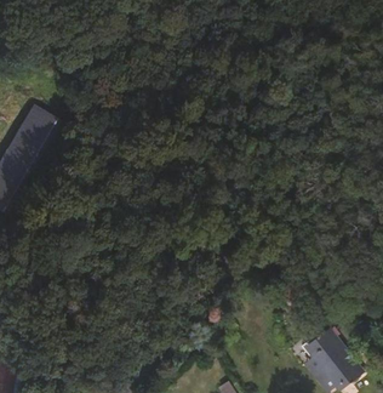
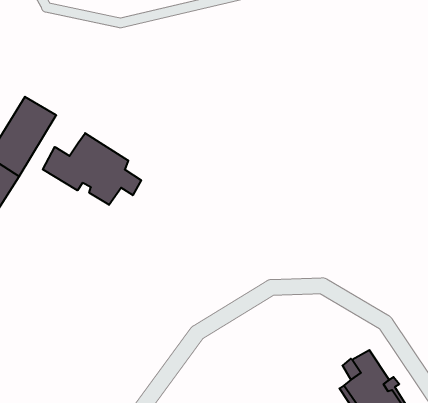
building: none -> [43,133,141,205]

